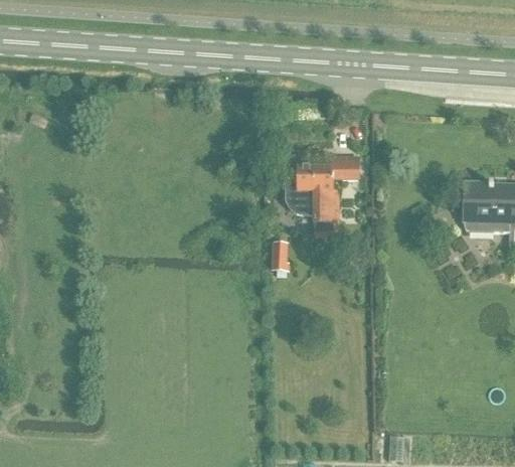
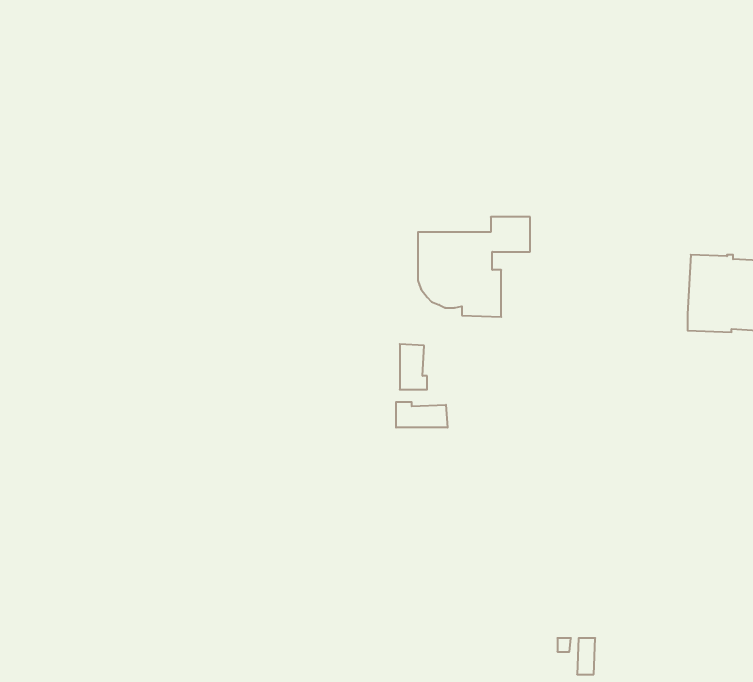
building: none -> [396,402,448,428]

